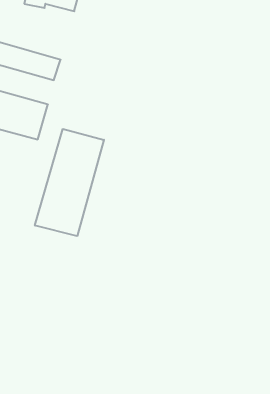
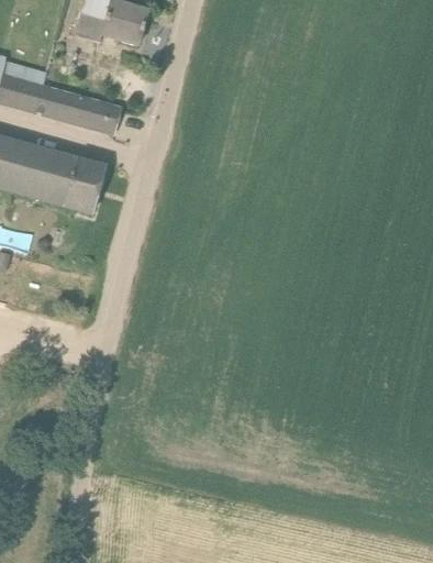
building: [35,129,104,236] -> none

